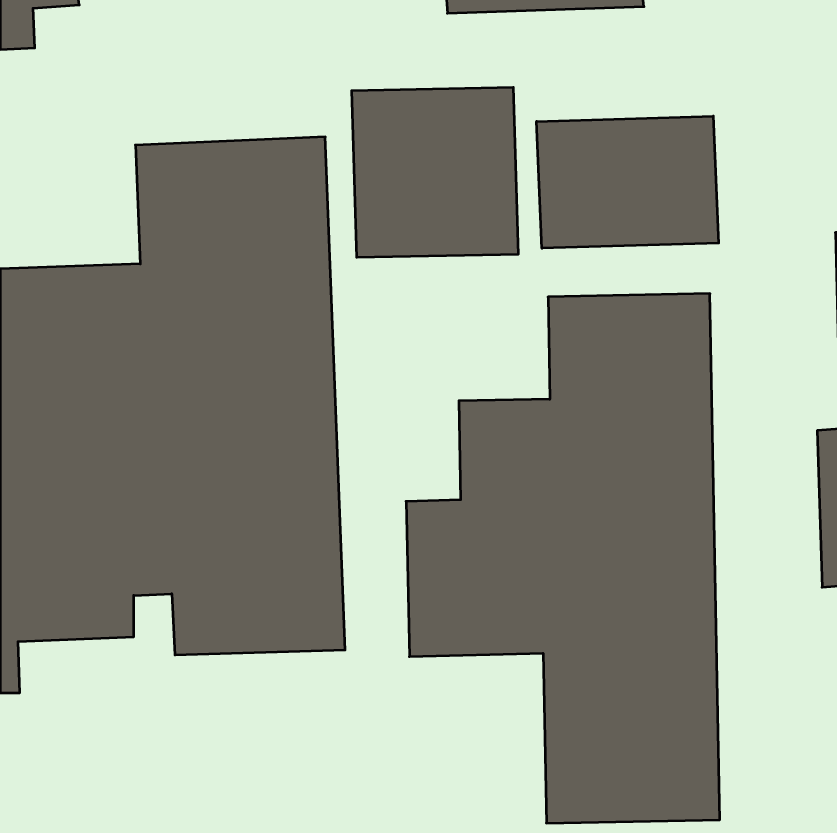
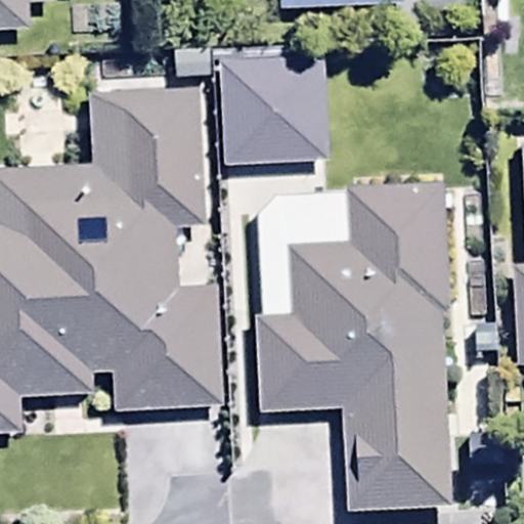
building: [537,116,719,248] -> none

